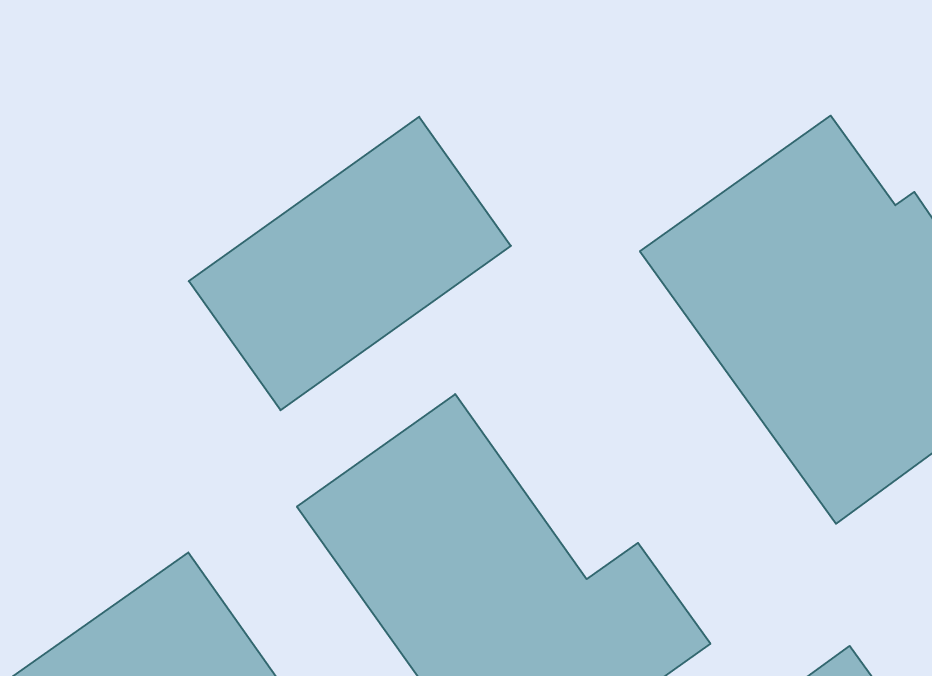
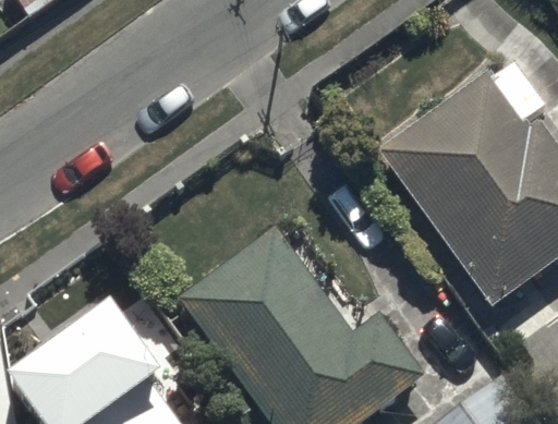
building: [189,117,511,410] -> none

